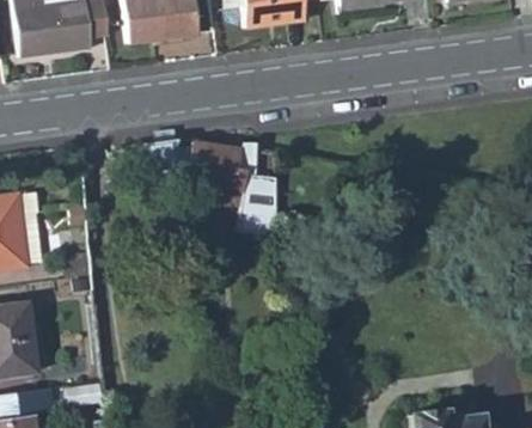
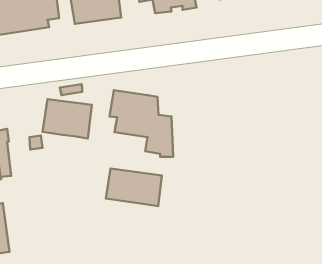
building: none -> [43,99,92,139]
building: none -> [106,169,162,206]

